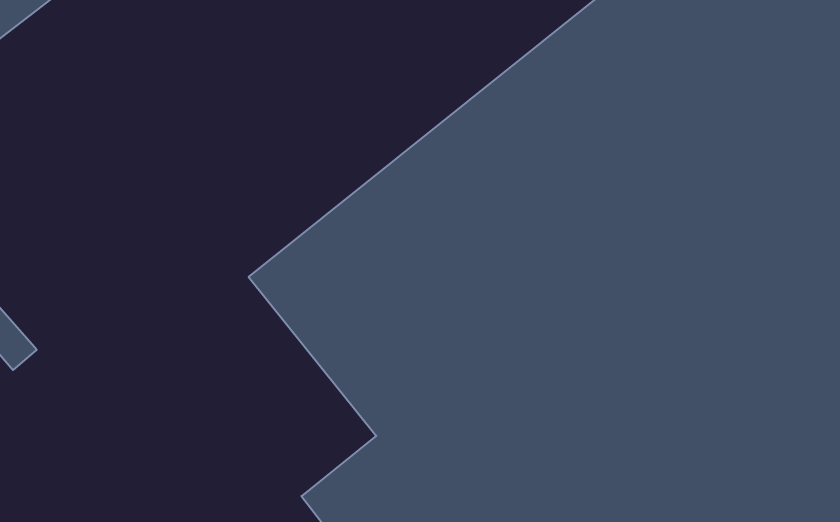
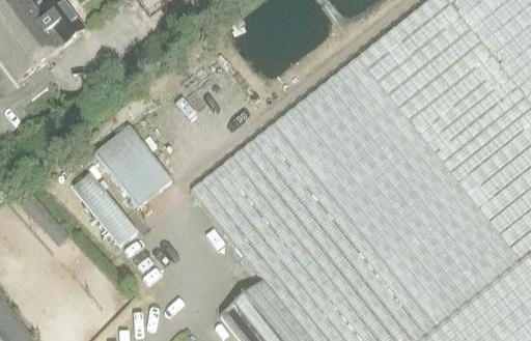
building: none -> [93,125,171,207]
building: none -> [73,173,137,245]

